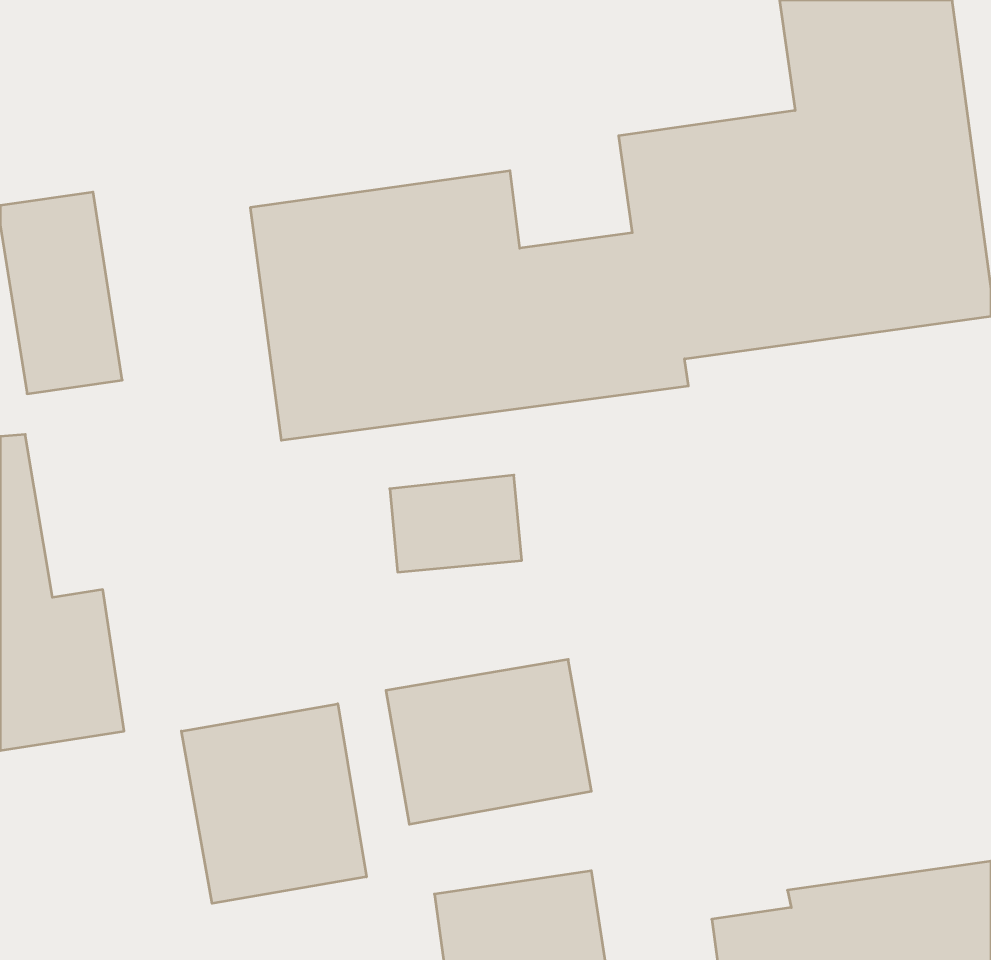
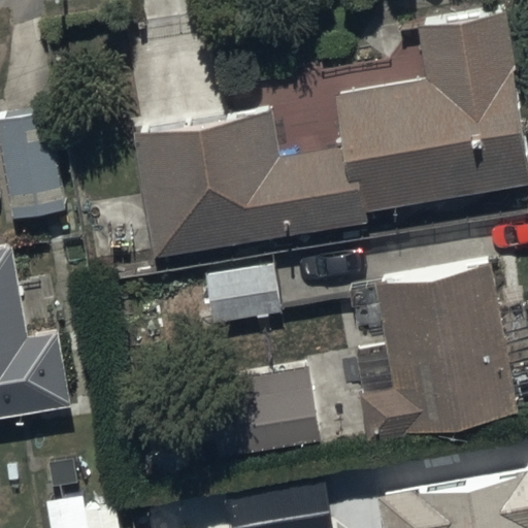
building: none -> [357,257,516,429]
building: [181,704,366,903] -> none

